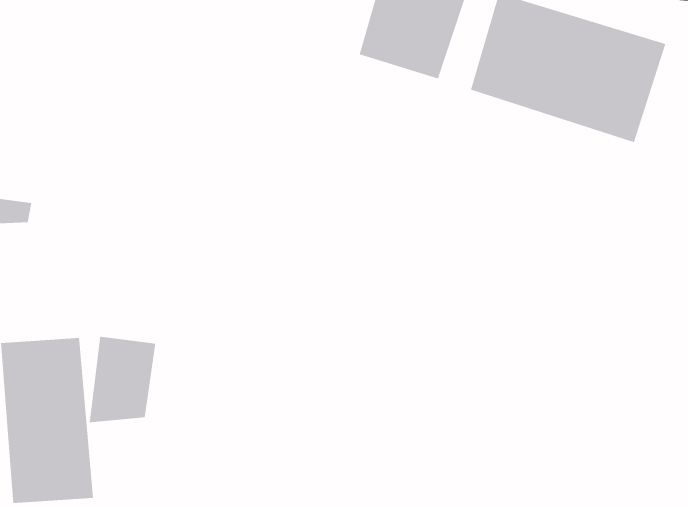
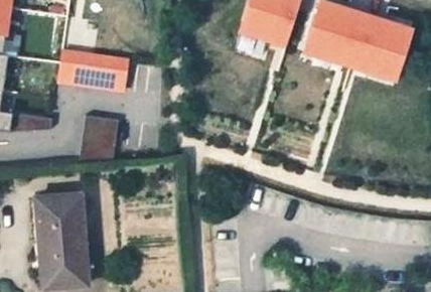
building: none -> [56,48,130,94]
building: [89,336,156,423] -> [81,115,119,164]

